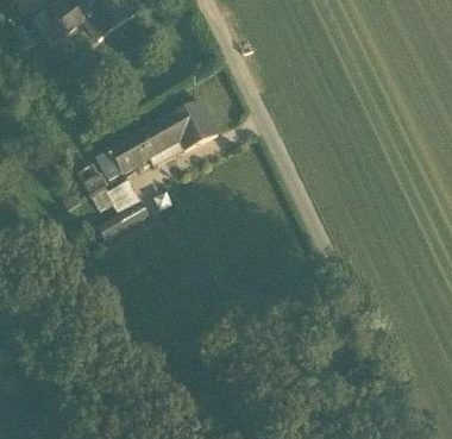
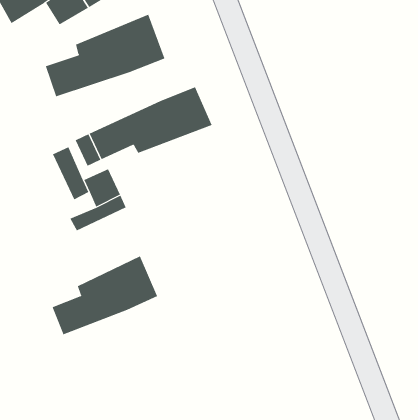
building: none -> [45,14,165,97]
building: none -> [52,256,158,335]

